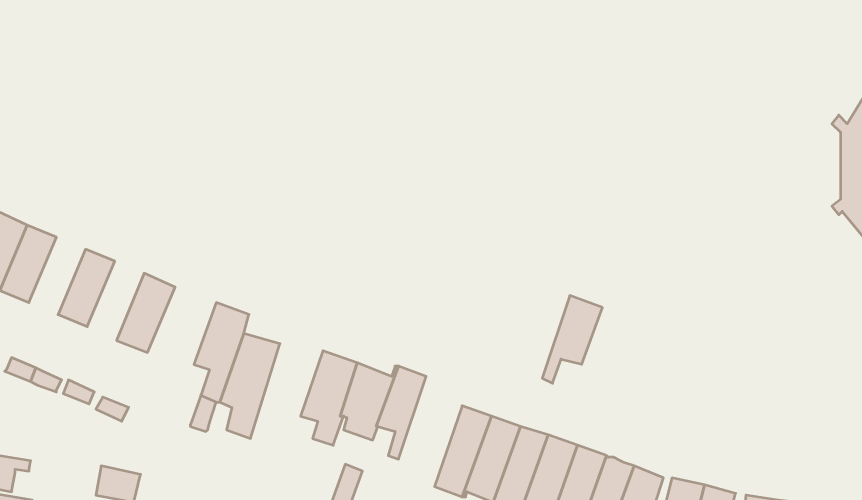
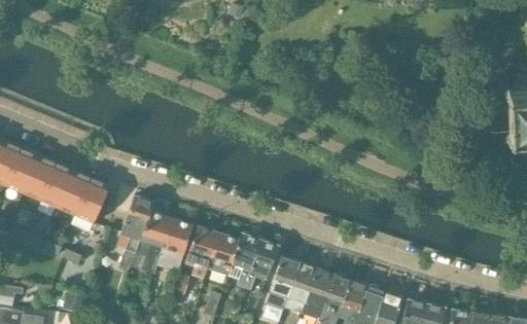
building: none -> [22,154,56,201]
building: none -> [57,169,91,216]
building: [542,296,602,383] -> [243,238,279,290]
building: none -> [154,218,192,278]

